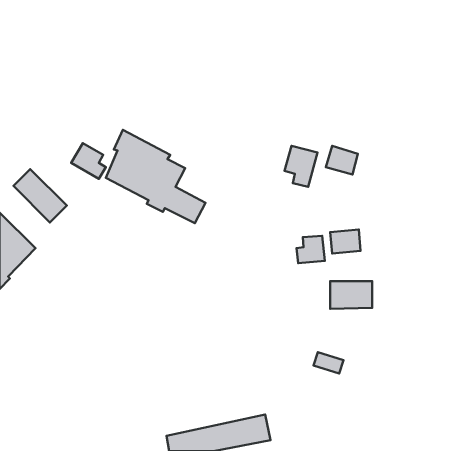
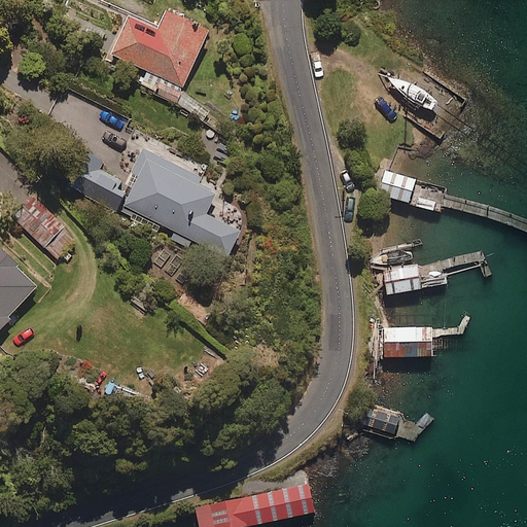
building: none -> [110,16,205,101]
building: [285,146,317,187] -> none
building: [297,236,325,263] -> none

